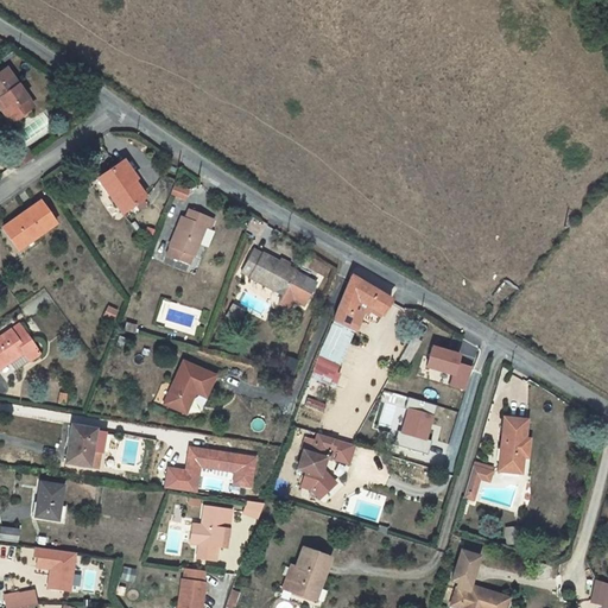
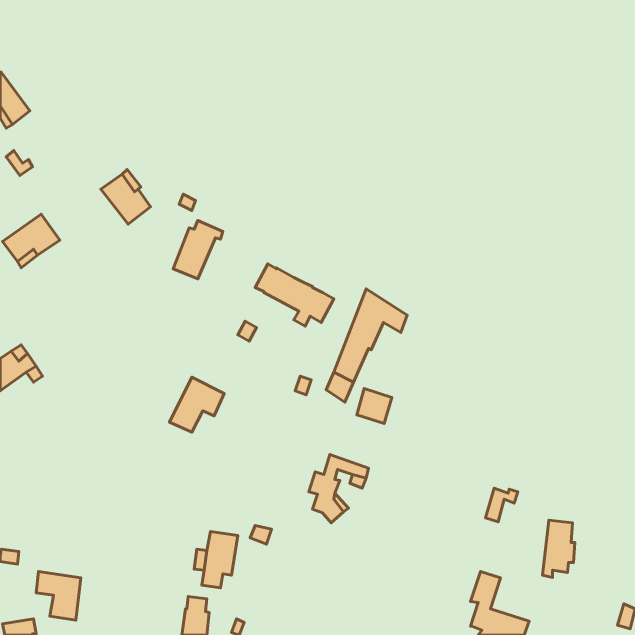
building: [429,343,473,391] -> none
building: [401,406,435,439] -> [357,389,392,423]
building: [501,411,532,466] -> [542,520,575,578]
building: [68,425,108,467] -> none
building: [165,444,260,492] -> none
building: [36,482,65,520] -> none
building: [278,547,327,598] -> none

